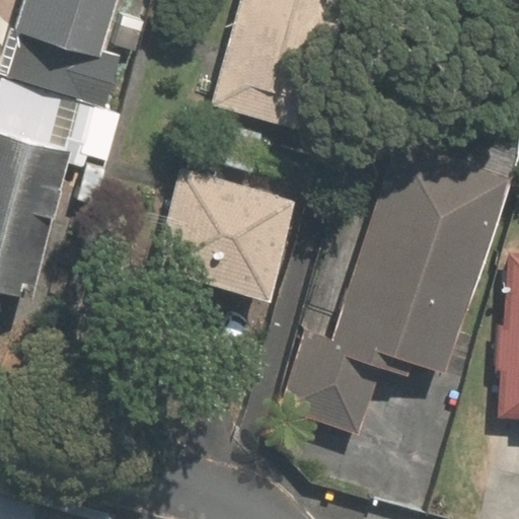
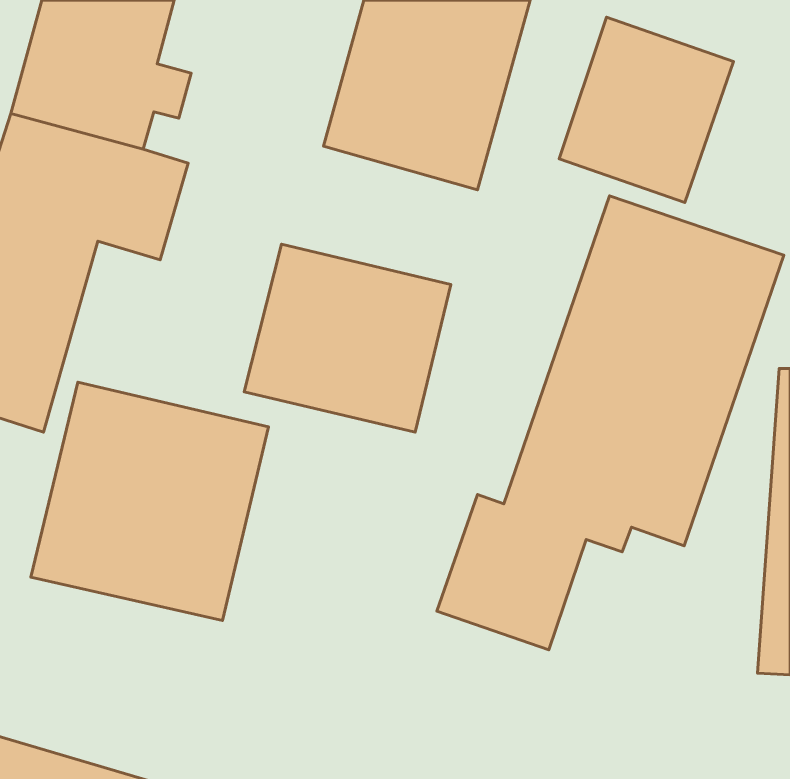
building: none -> [559,17,733,203]
building: none -> [31,382,269,620]

